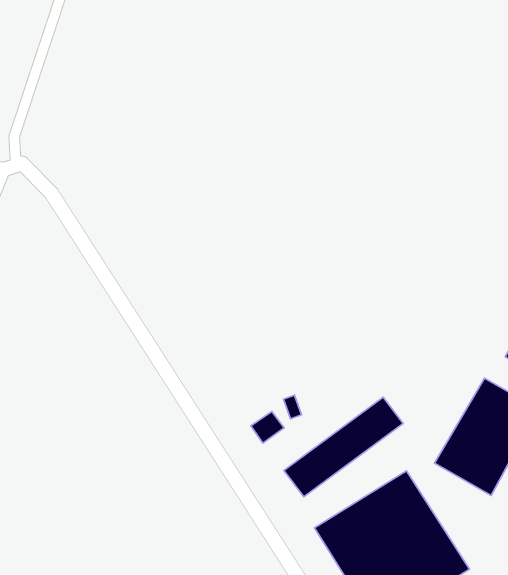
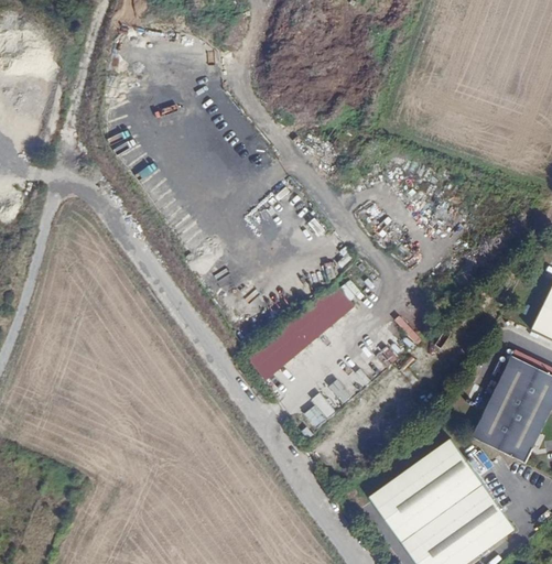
building: [284,397,403,497] -> [248,284,355,381]

